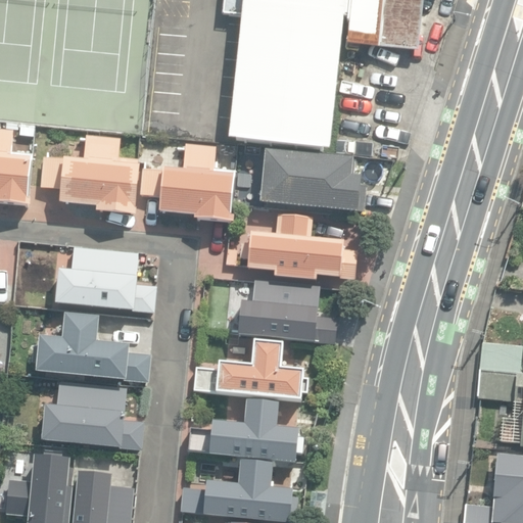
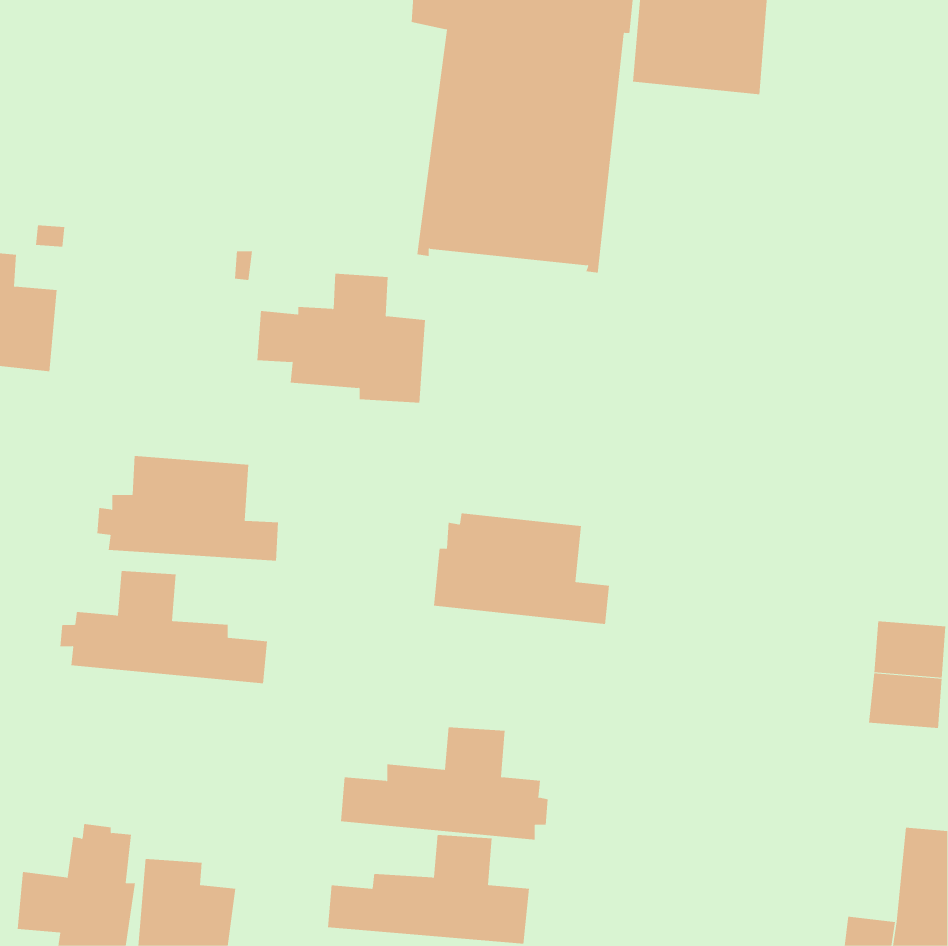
building: [44,142,138,212] -> none
building: [266,154,359,216] -> none
building: [247,216,356,281] -> none
building: [192,340,306,400] -> none
building: [38,380,138,441] -> none

